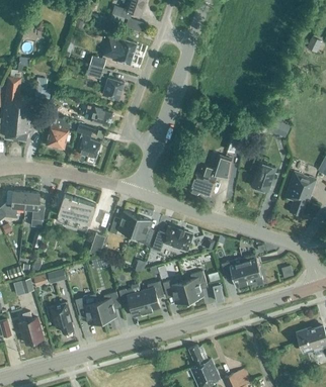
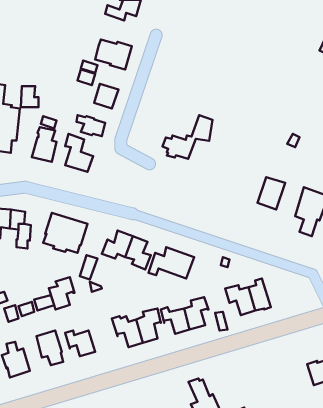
building: [186,156,232,195] -> [162,115,212,159]
building: [97,292,120,321] -> [49,277,74,309]

